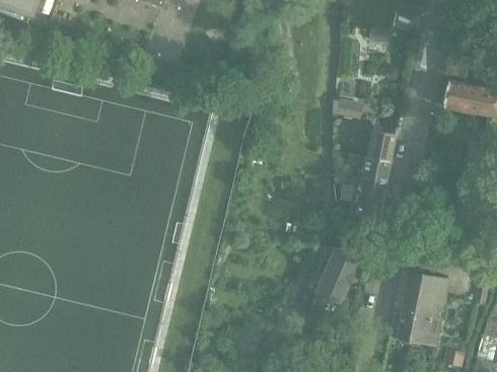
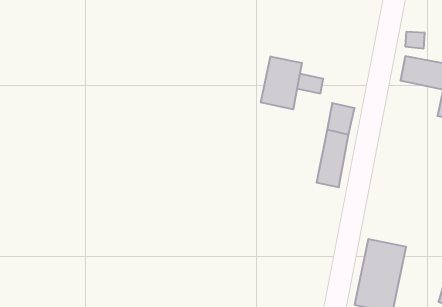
building: none -> [261,56,302,109]
building: [315,246,357,302] -> none

